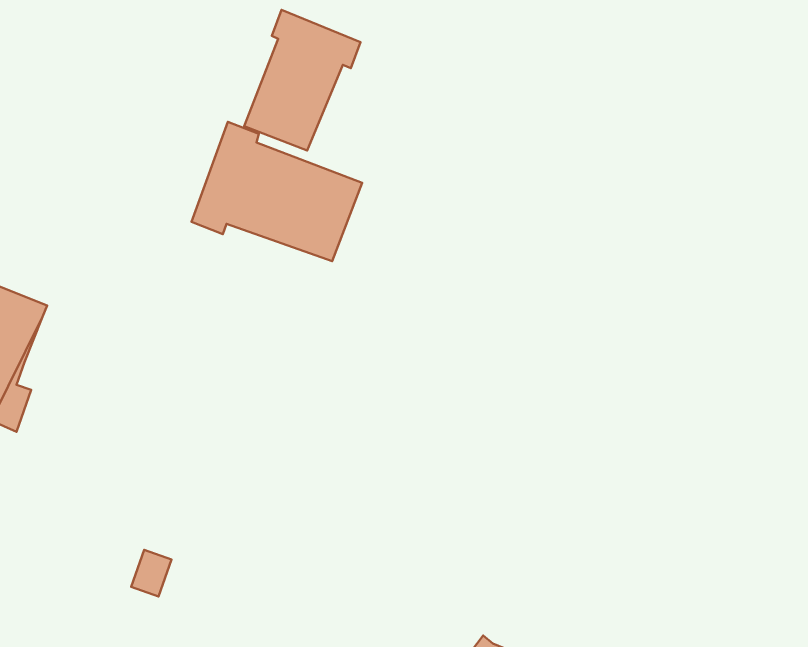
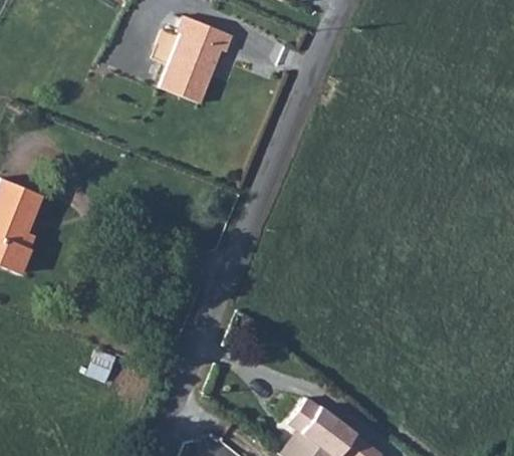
building: [192,122,362,261] -> none

